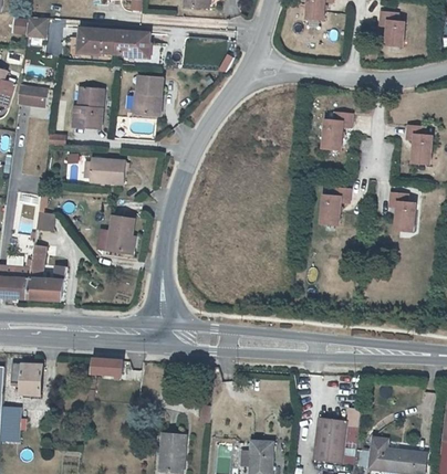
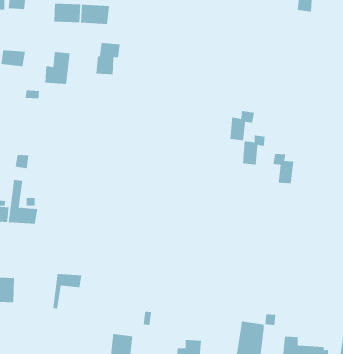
building: [321,112,352,149] -> [230,111,255,141]
building: [405,125,430,165] -> none
building: [92,161,127,189] -> none
building: [387,193,414,231] -> [273,153,294,184]
building: [104,217,134,253] -> none

